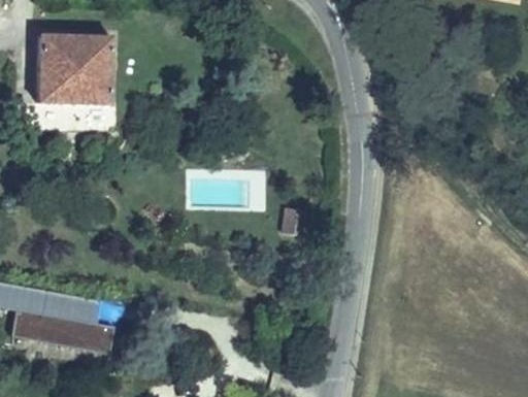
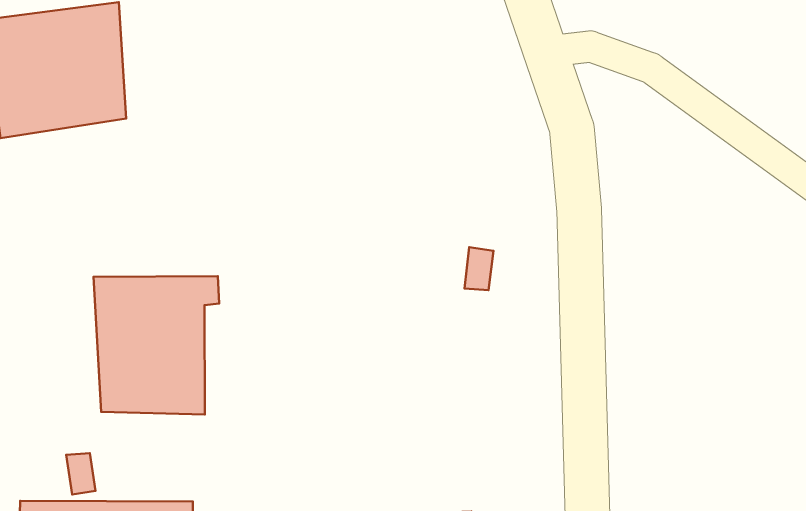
building: none -> [94,276,219,415]

